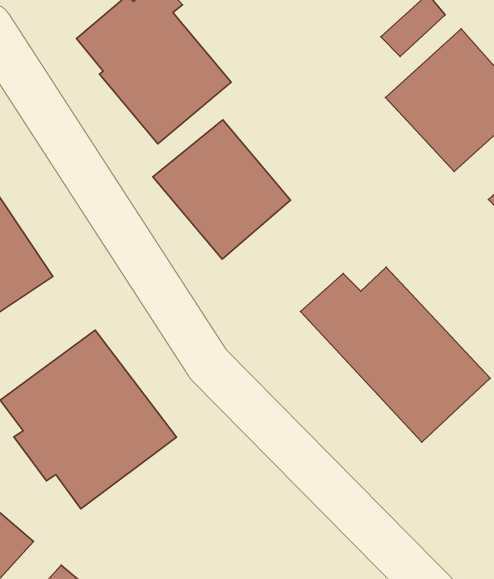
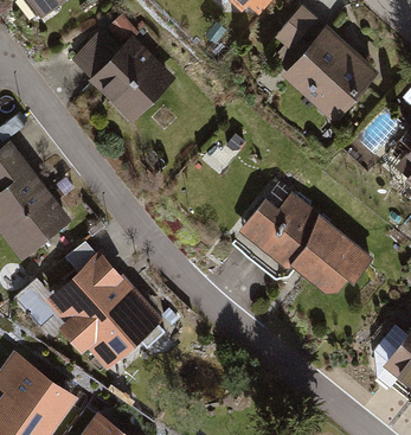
building: [153,120,290,259] -> none

